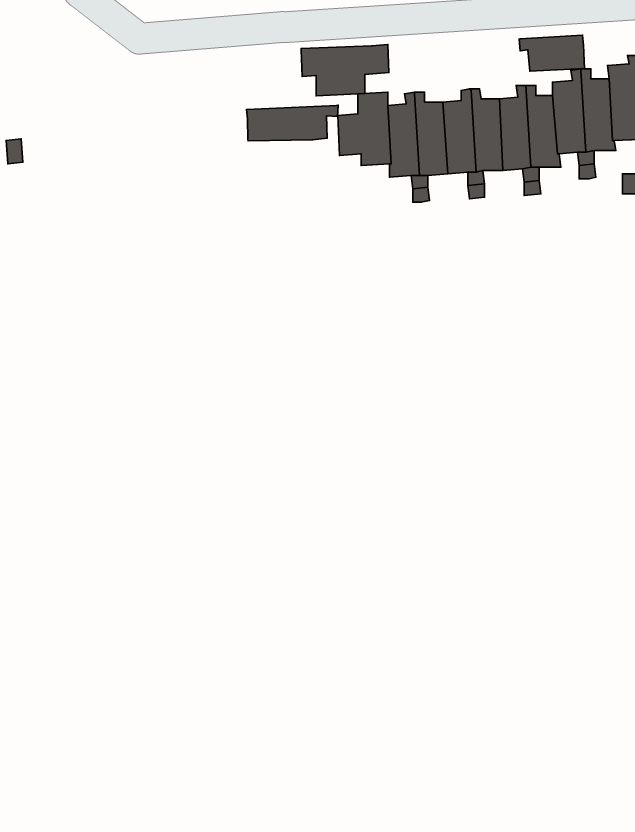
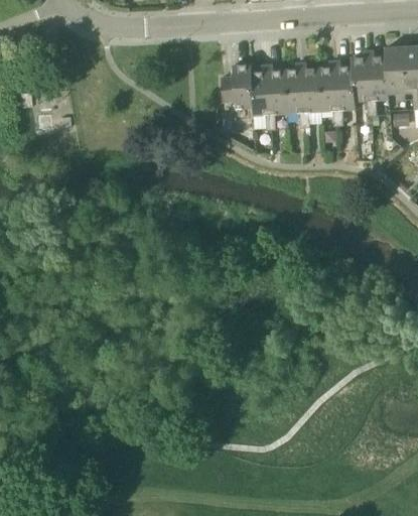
building: [519,35,584,71] -> none
building: [301,44,389,96] -> none
building: [247,105,338,141] -> none

